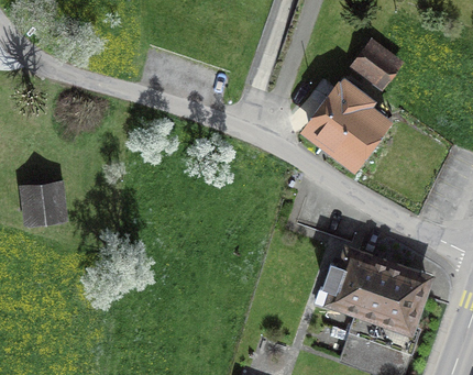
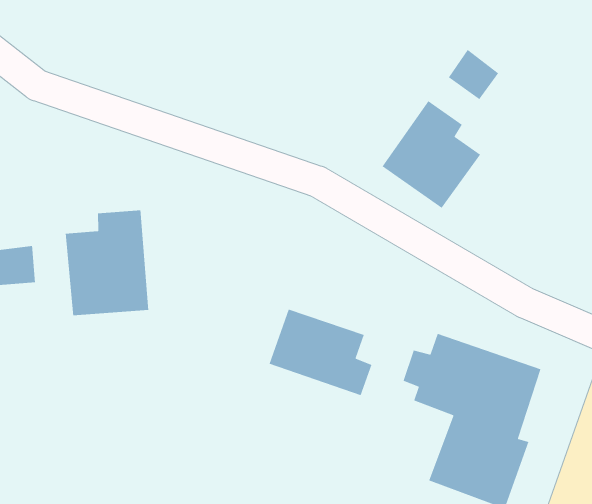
building: none -> [65,210,149,316]
building: none -> [269,309,372,396]

